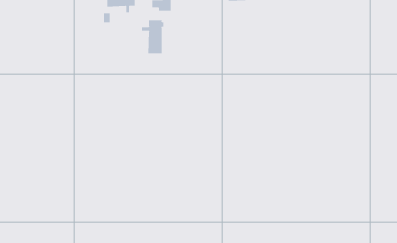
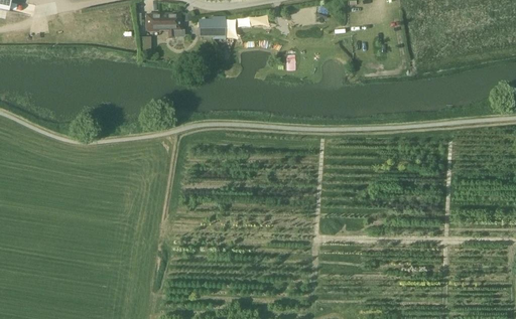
building: [141,20,164,54] -> none

